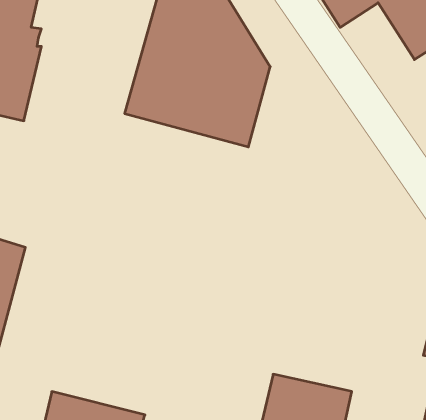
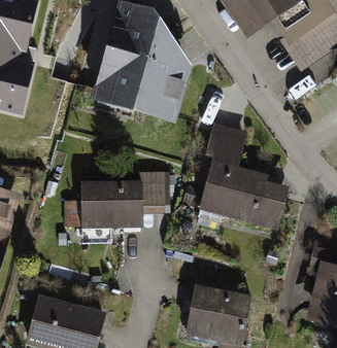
building: none -> [201,121,289,229]
building: none -> [81,171,168,230]

